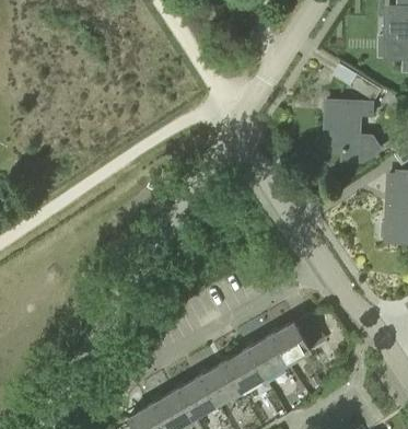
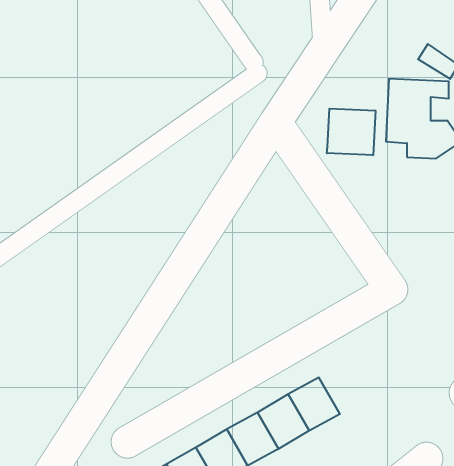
building: none -> [327,109,376,155]
building: [271,322,311,364] -> none

